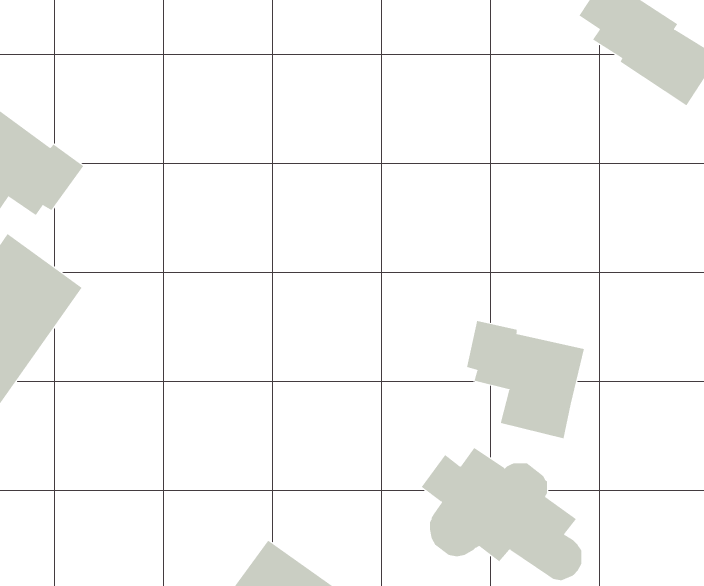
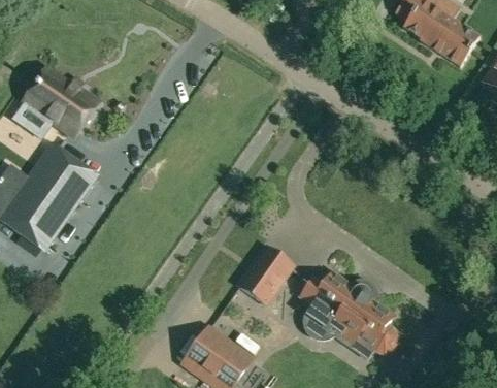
building: [466,320,585,439] -> none
building: none -> [237,246,292,304]

